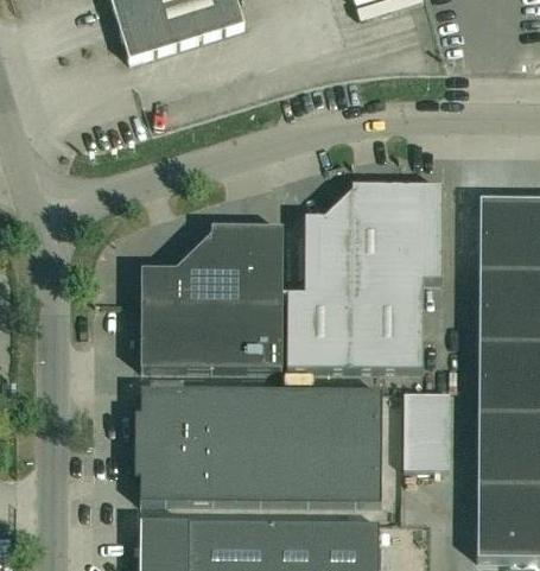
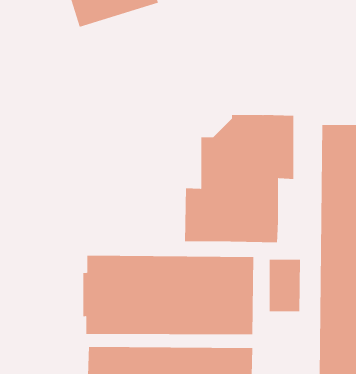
building: [141,226,284,368] -> none

